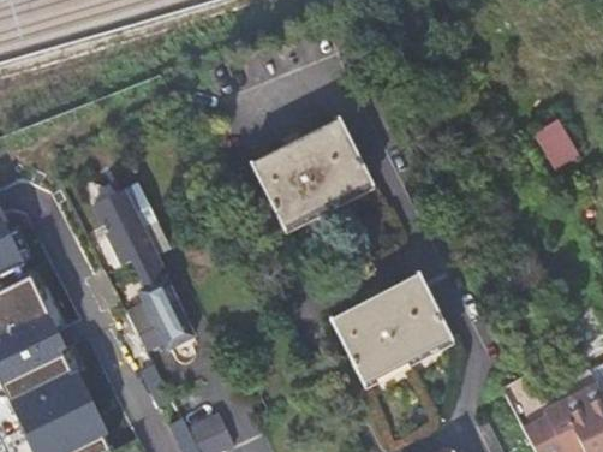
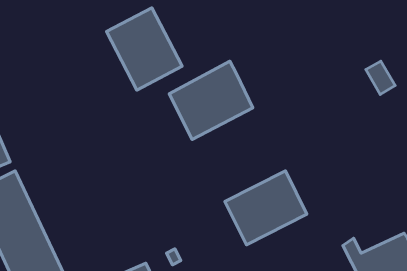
building: none -> [106,8,182,90]
building: [83,179,195,349] -> none

